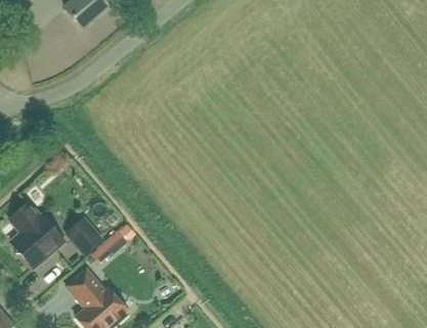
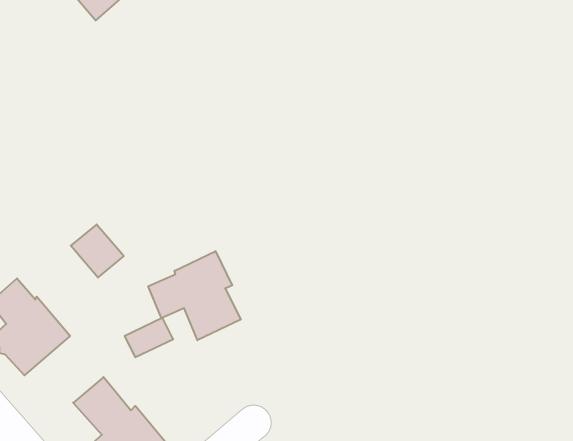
building: none -> [148,251,241,340]
building: [66,217,101,253] -> [71,224,124,278]

